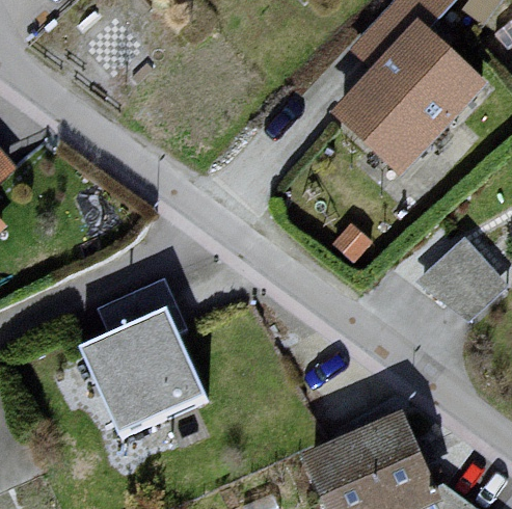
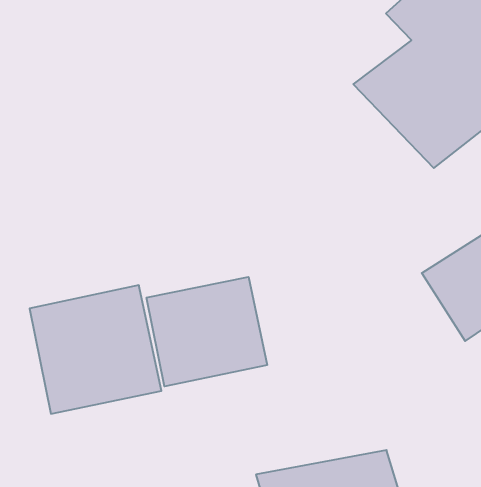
building: none -> [147,277,267,386]

